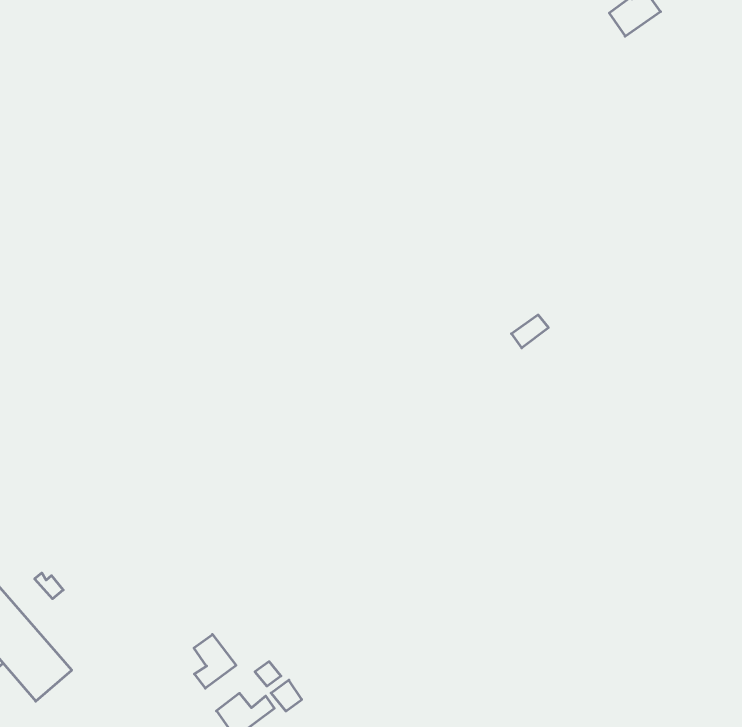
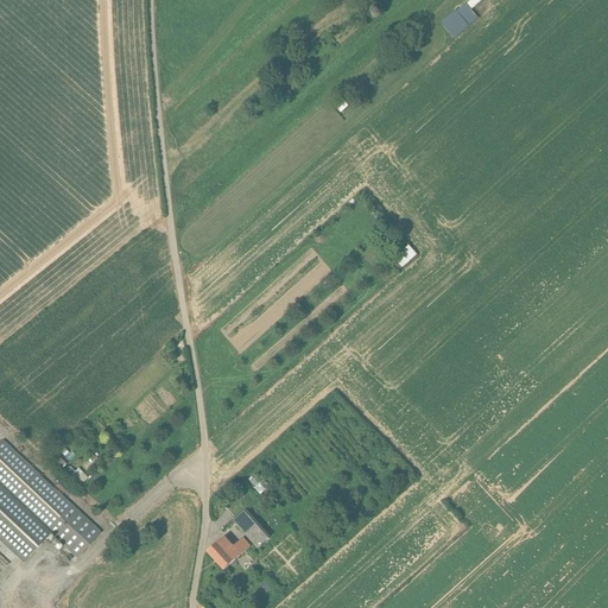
building: [194,634,236,688] -> none

